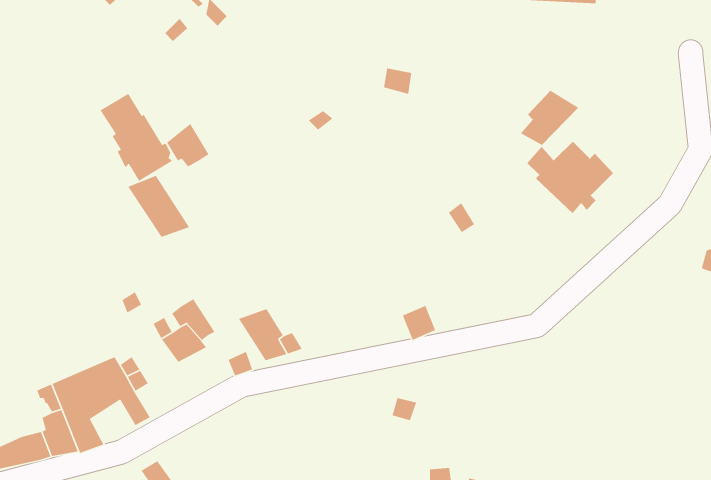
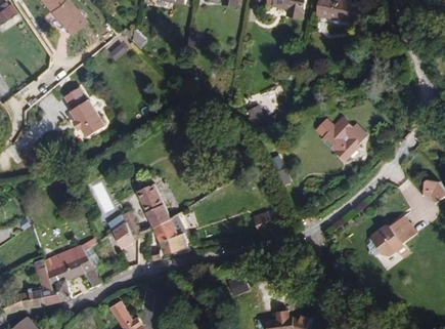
building: [520,90,579,146] -> none
building: [166,123,209,167] -> none
building: [127,175,190,238] -> [133,182,171,220]
building: none -> [372,214,426,257]

